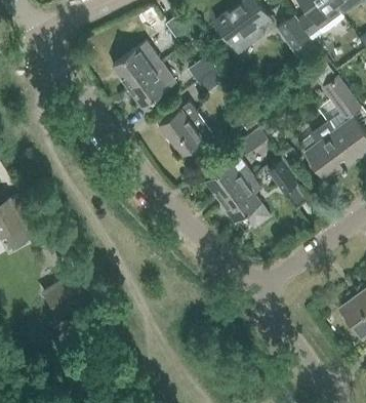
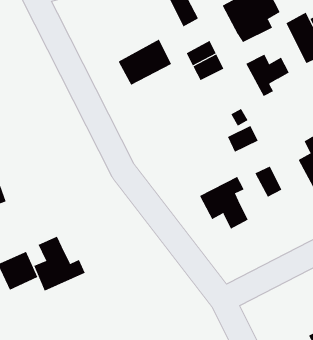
building: [111,40,161,87] -> none
building: none -> [246,54,290,97]
building: [159,103,211,155] -> none
building: [205,157,253,200] -> none
building: none -> [33,236,86,292]

